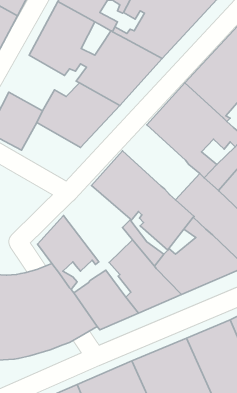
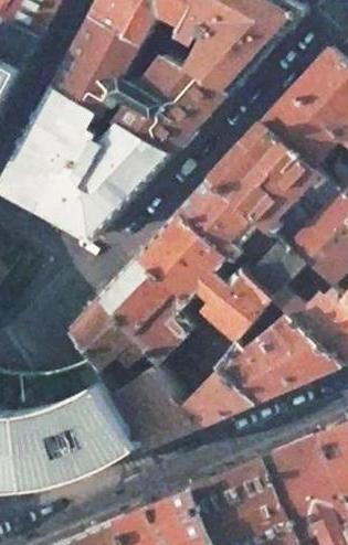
building: none -> [21,93,92,165]
building: none -> [38,181,115,245]
building: none -> [170,184,272,282]
building: none -> [93,264,183,372]

